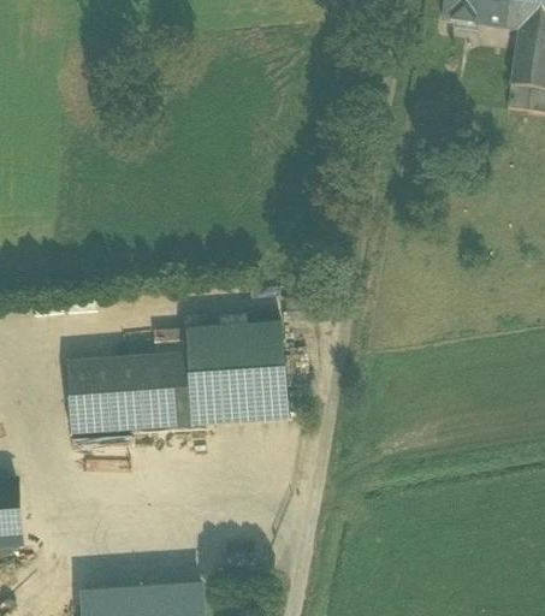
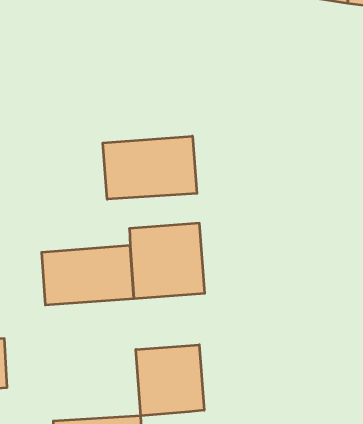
building: none -> [103,136,197,199]
building: none -> [136,345,204,416]

